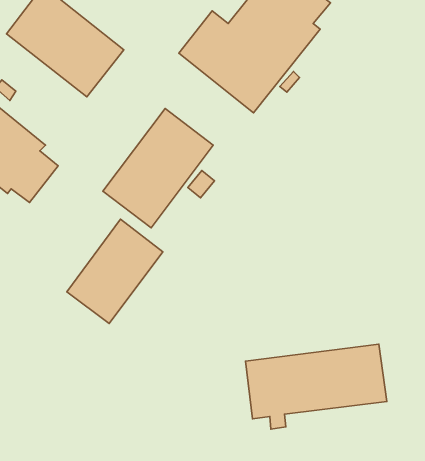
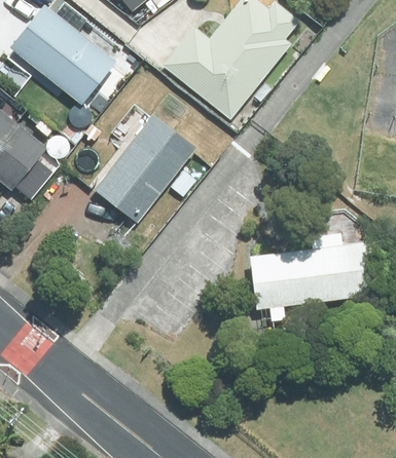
building: [67,219,163,324] -> none
building: [246,344,387,429] -> [248,245,374,321]

